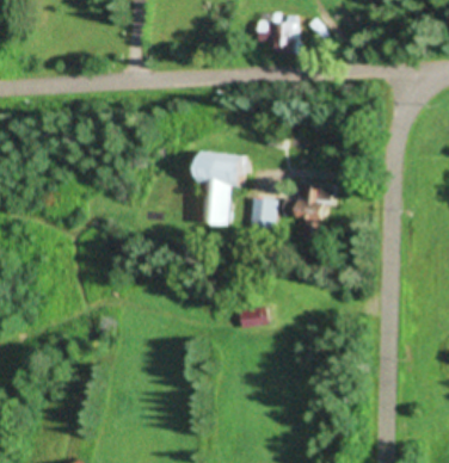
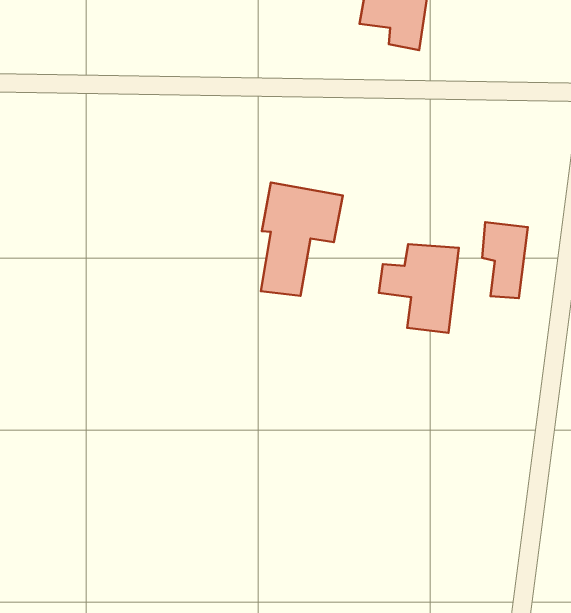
building: none -> [482,222,528,298]
building: [248,196,276,228] -> none

